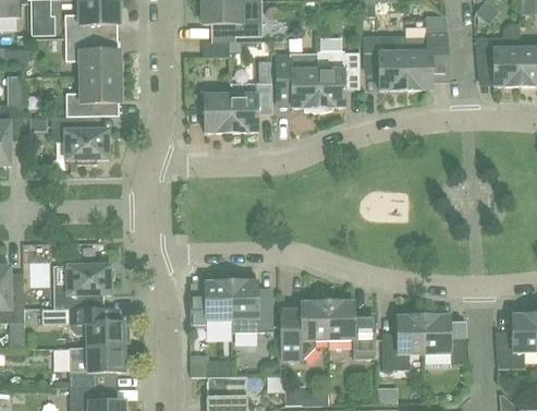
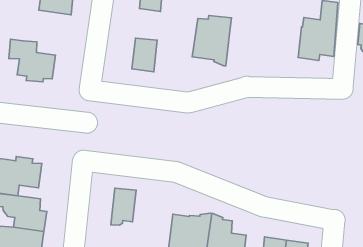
building: [363,35,405,89] -> none
building: [317,52,358,112] -> none
building: [65,76,120,117] -> none
building: [230,82,271,132] -> none
building: [230,280,273,331] -> none

